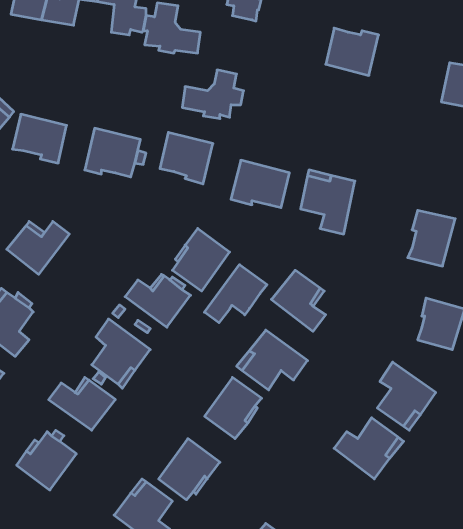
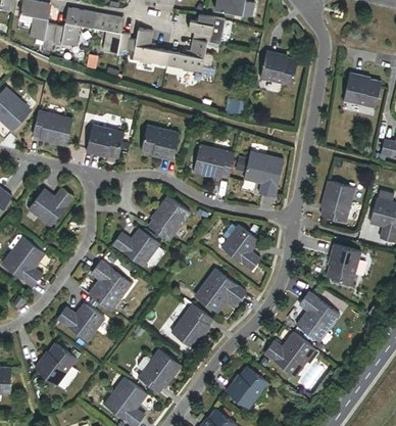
building: [182,70,244,119] -> [166,38,211,74]
building: [204,265,267,323] -> none
building: none -> [227,367,269,410]

